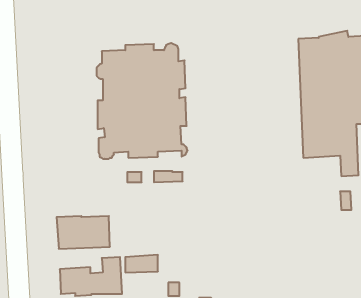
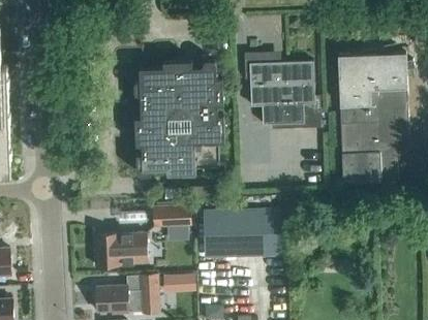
building: none -> [250,57,322,128]
building: none -> [154,204,191,226]
building: none -> [203,210,280,257]

